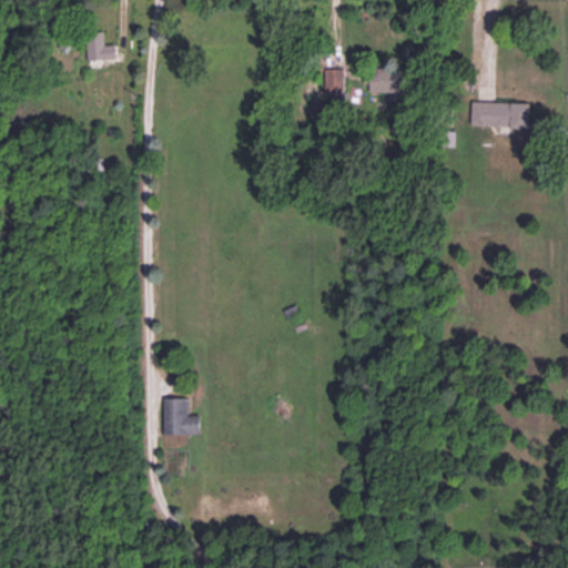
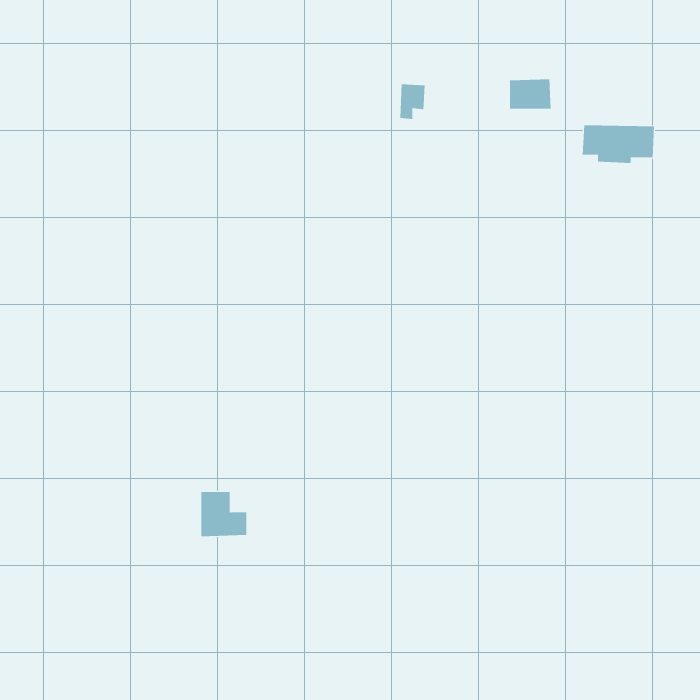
building: [87,33,116,60] -> none
building: [371,68,405,92] -> [509,79,552,109]

